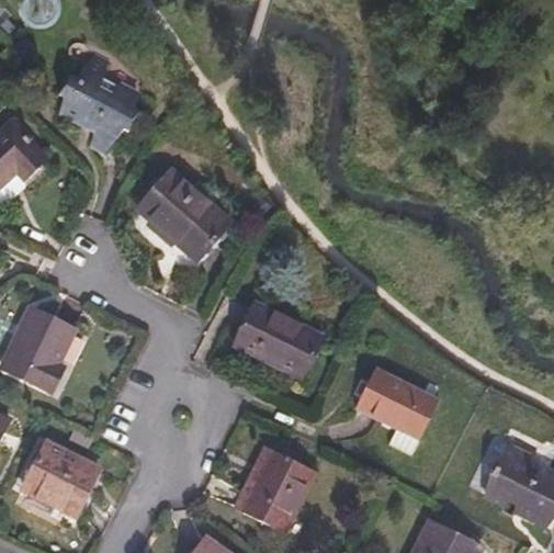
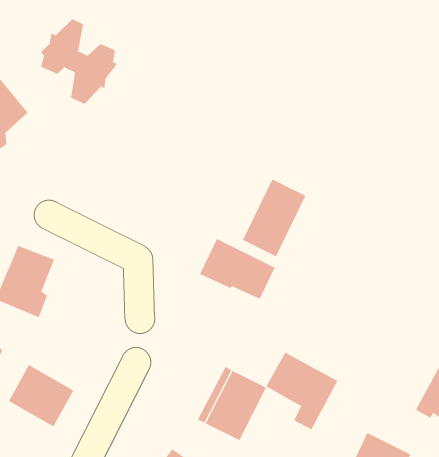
building: [135,168,226,256] -> none
building: none -> [242,179,306,257]
building: [357,365,439,454] -> [265,352,338,430]

